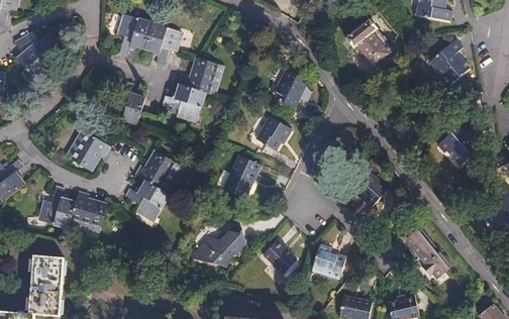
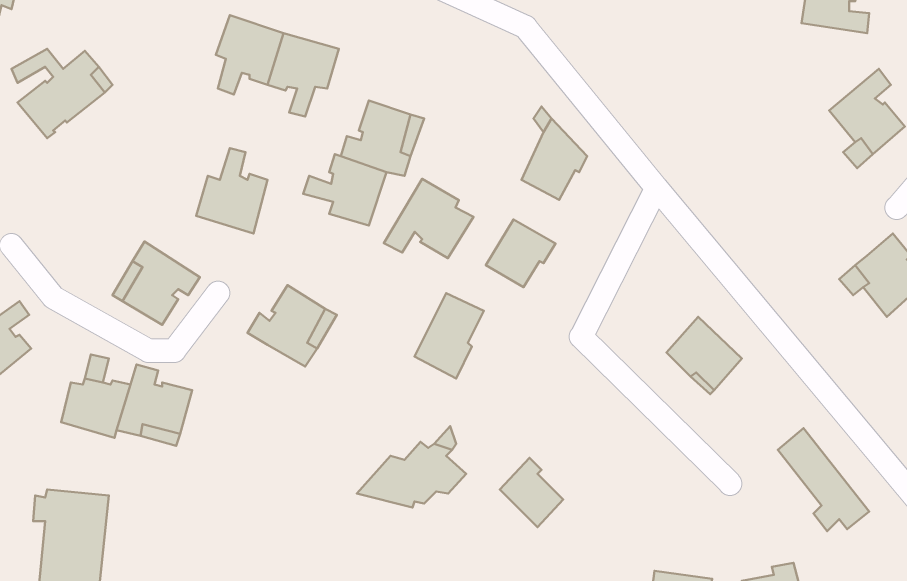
building: [347,20,393,66] -> none
building: none -> [384,179,474,258]
building: [124,181,168,220] -> none
building: [310,243,343,277] -> none

